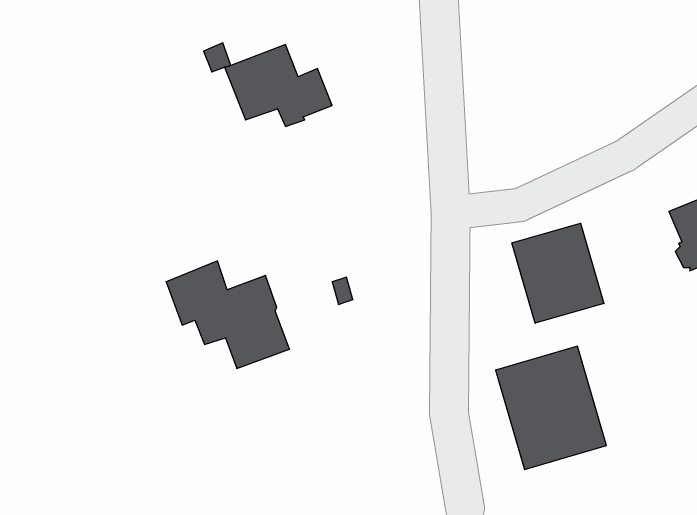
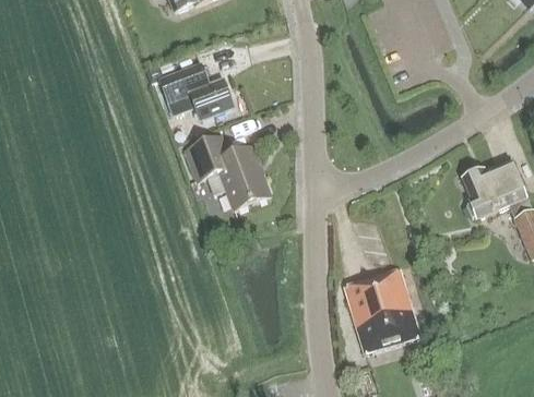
building: [512,223,604,323] -> none
building: [166,261,290,368] -> [186,135,270,208]

